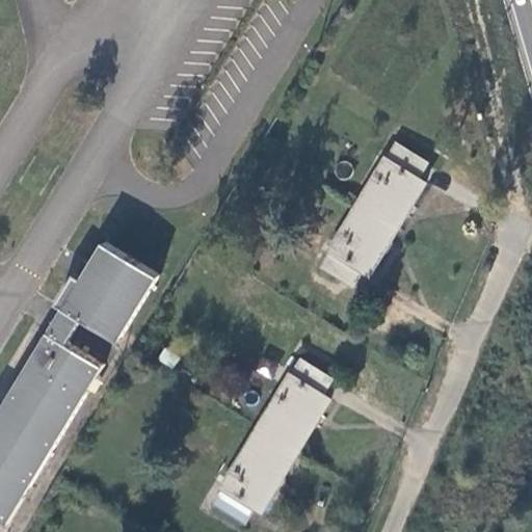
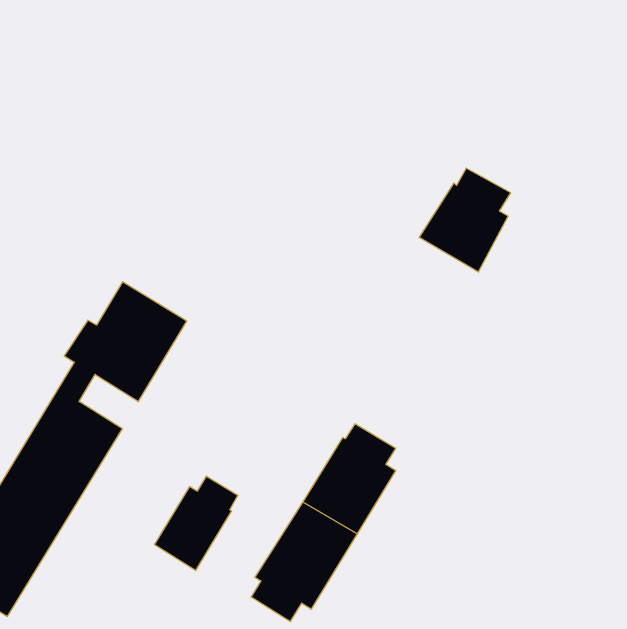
building: [315,202,402,292] -> none
building: none -> [154,476,238,571]

